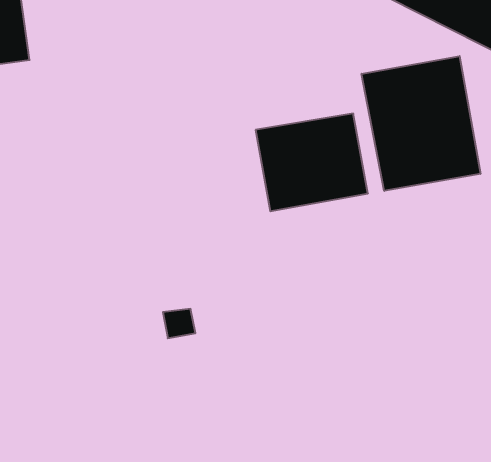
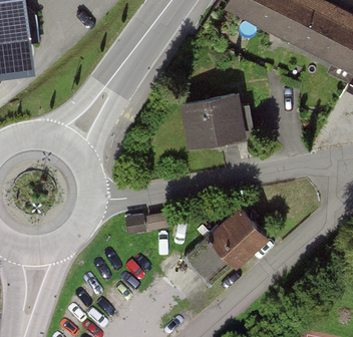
building: [362,56,480,191] -> none
building: none -> [180,207,262,286]

